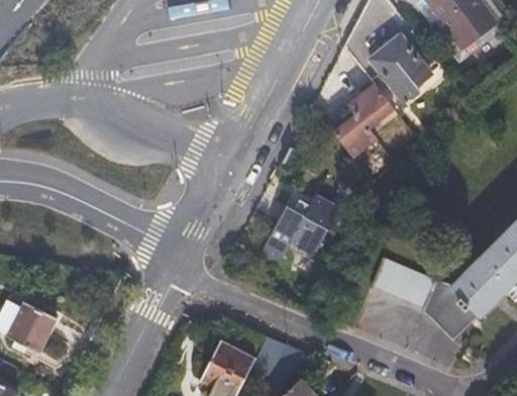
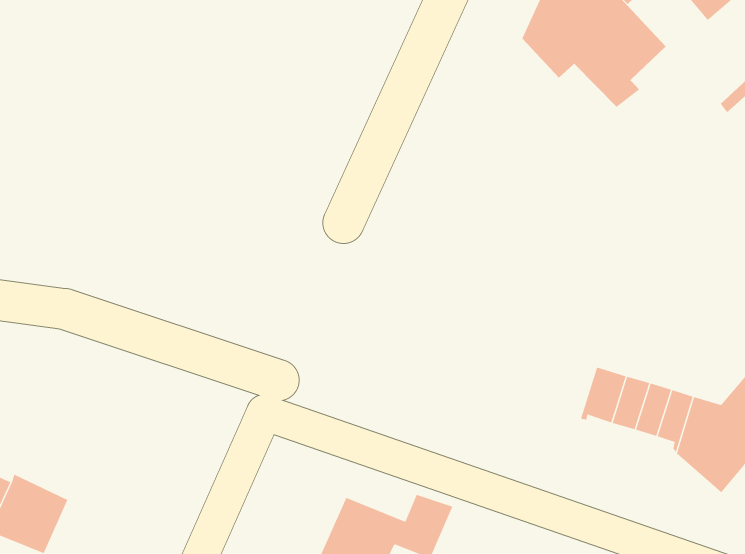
building: [337,92,397,164] -> none
building: [260,200,346,267] -> none

